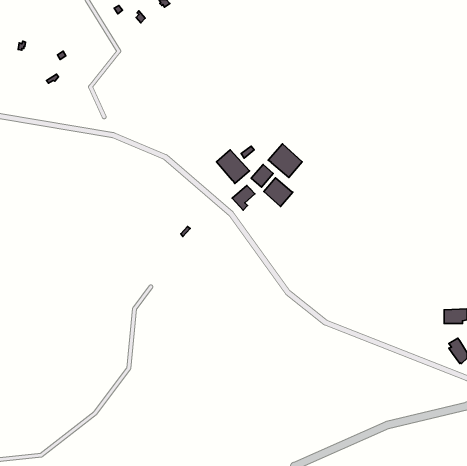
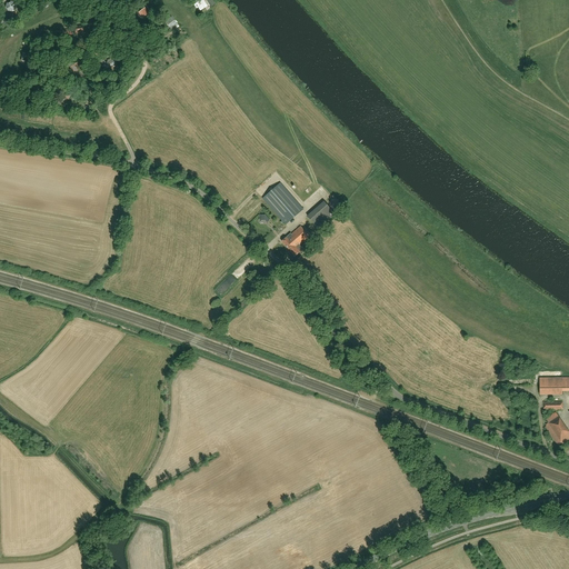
building: [268,144,302,177] -> none
building: [264,178,293,207] -> none

